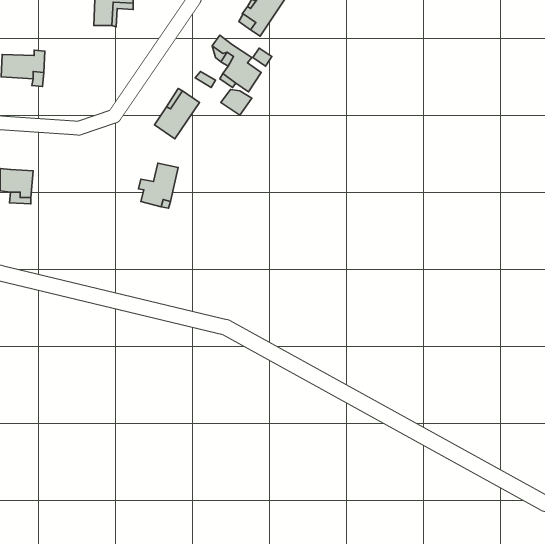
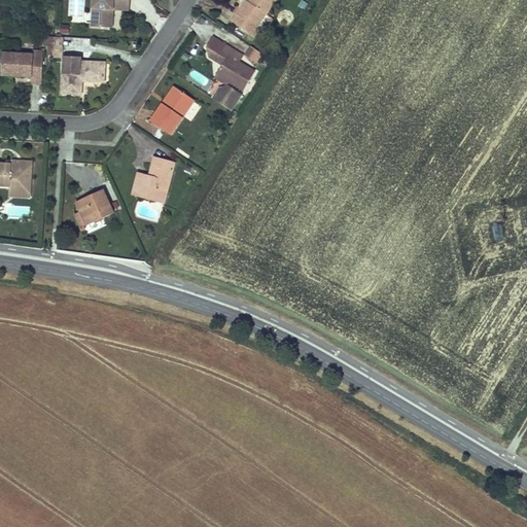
building: none -> [61,55,104,93]
building: none -> [72,188,112,227]

